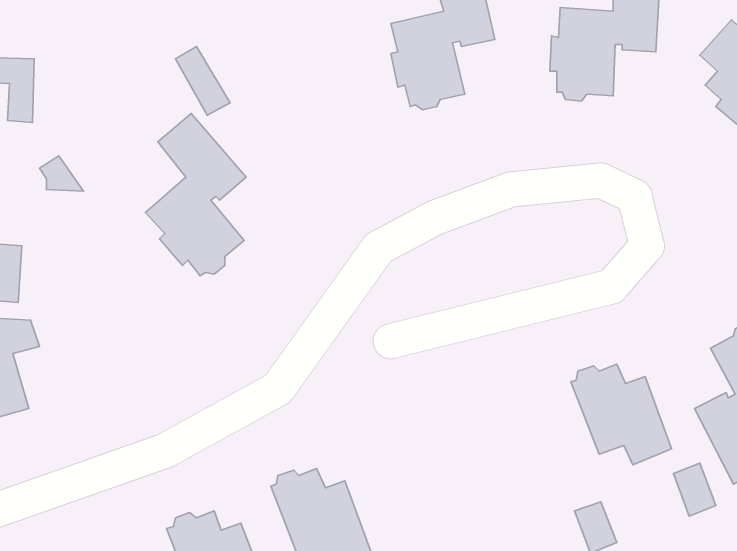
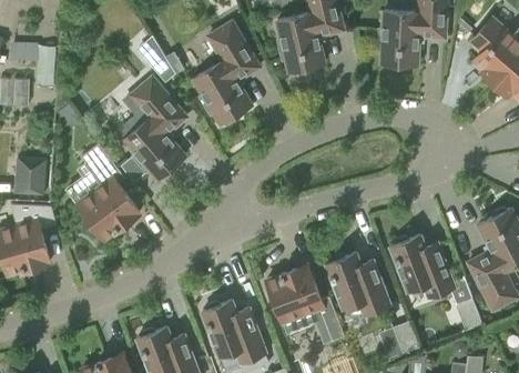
building: none -> [193,22,260,124]
building: none -> [78,144,140,240]
building: none -> [326,253,389,316]
building: none -> [266,265,344,345]

